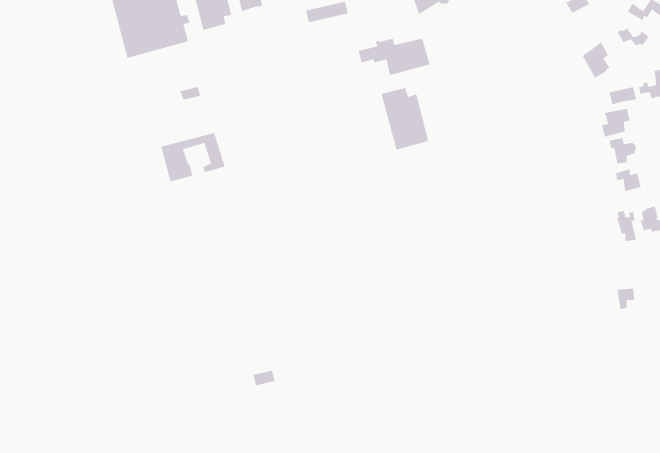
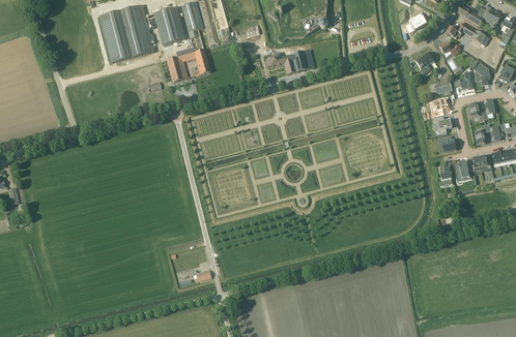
building: [381,87,429,151] -> none
building: [161,133,226,182] -> [167,50,210,83]

